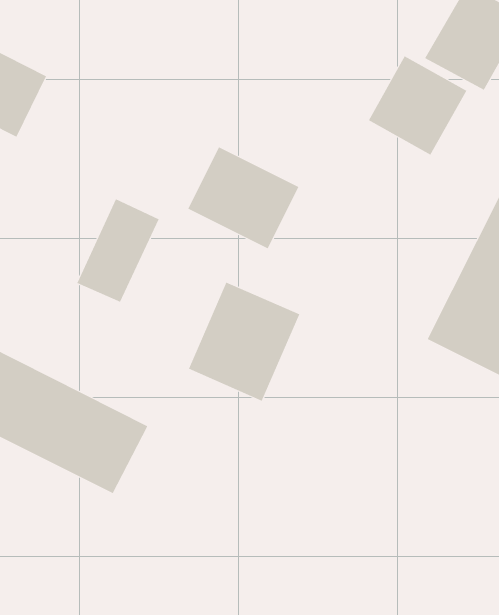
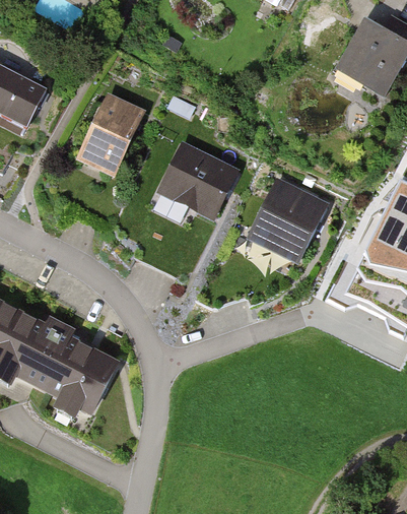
building: [368,55,467,155] -> none
building: [76,198,160,303] -> [79,94,144,176]
building: [188,282,300,401] -> [246,177,333,270]

